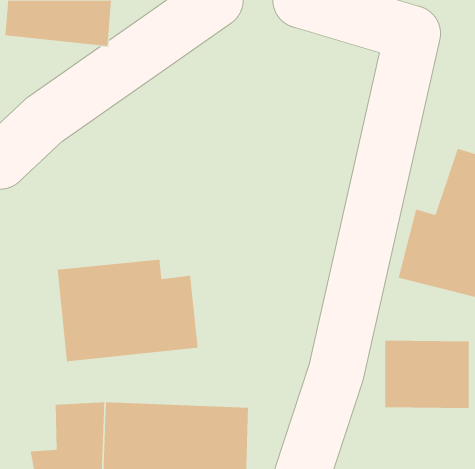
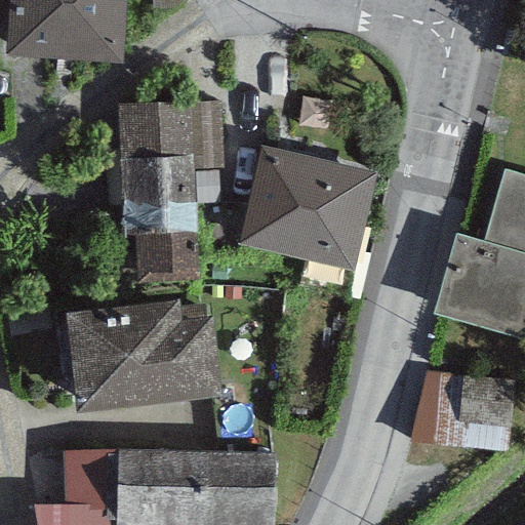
building: none -> [117,103,221,273]
building: none -> [240,150,377,269]

